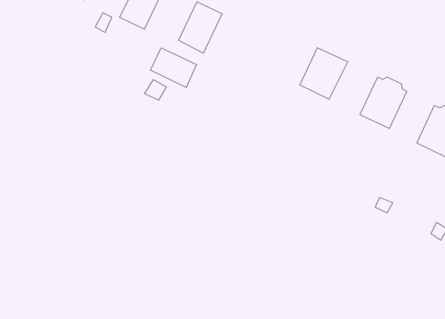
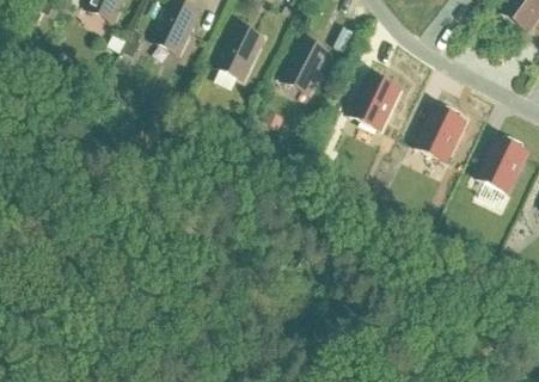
building: none -> [282,37,331,93]
building: [150,48,196,88] -> none

